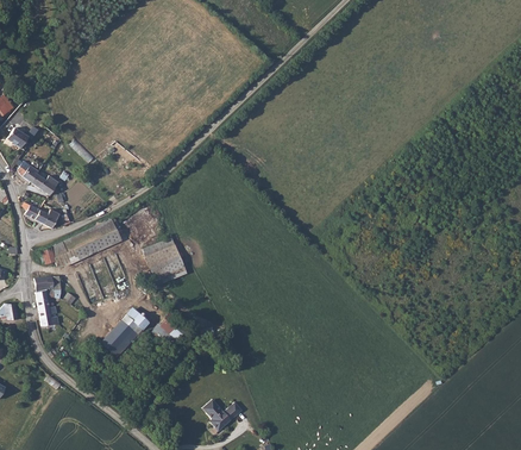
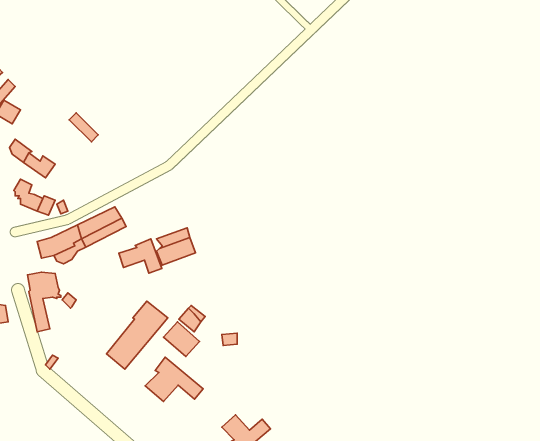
building: none -> [119,239,162,273]
building: none -> [145,357,203,402]

